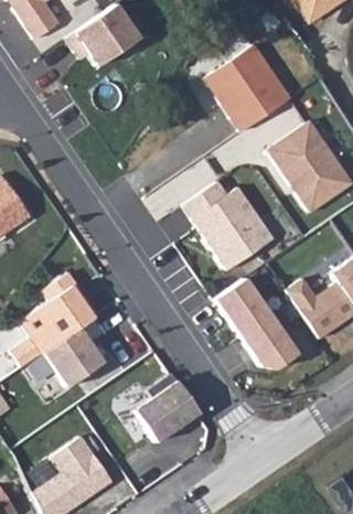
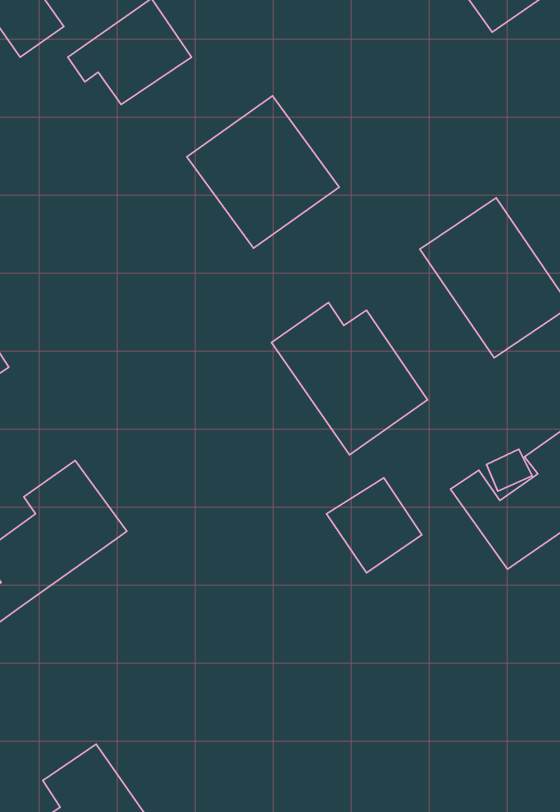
building: [205,43,293,131] -> [187,96,339,248]
building: [238,315,301,375] -> none
building: [38,317,107,394] -> none
building: [135,373,203,443] -> none

